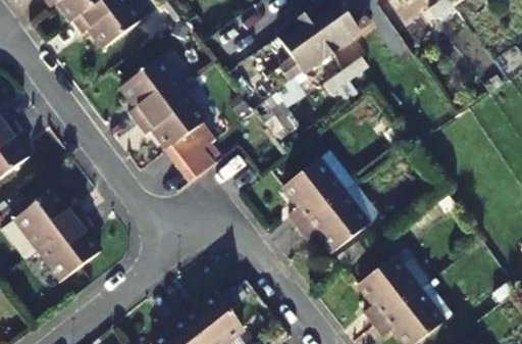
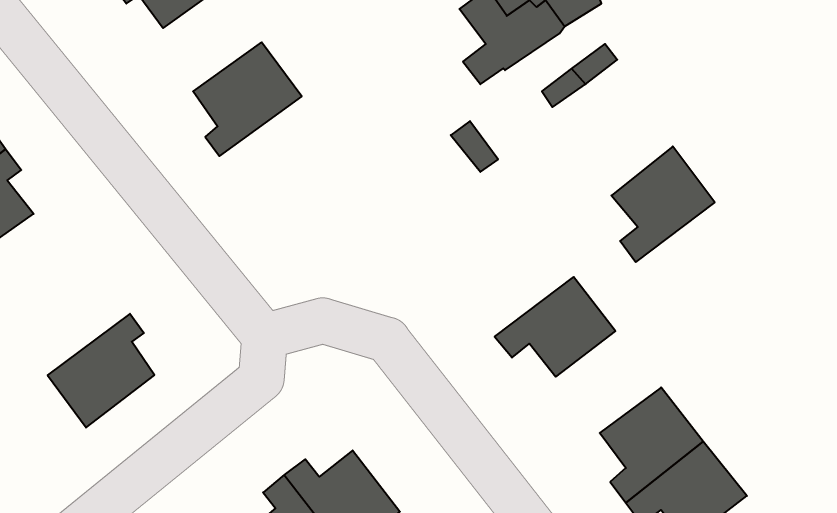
building: [136,90,218,183] -> none
building: [281,162,342,230] -> [611,146,715,262]
building: [12,191,84,252] -> none

